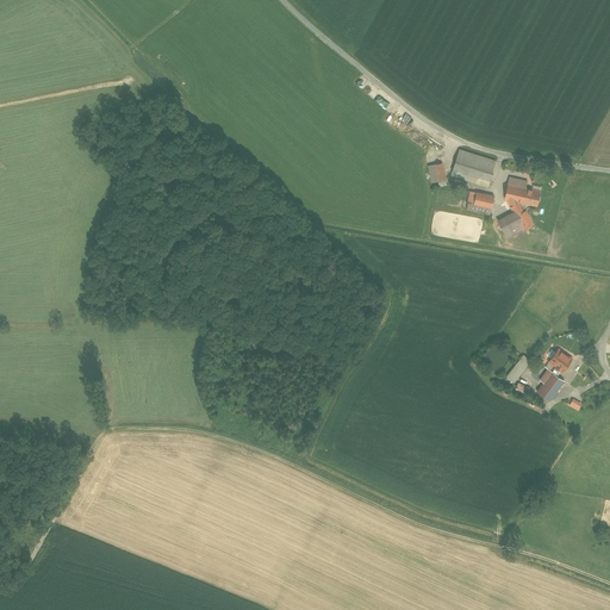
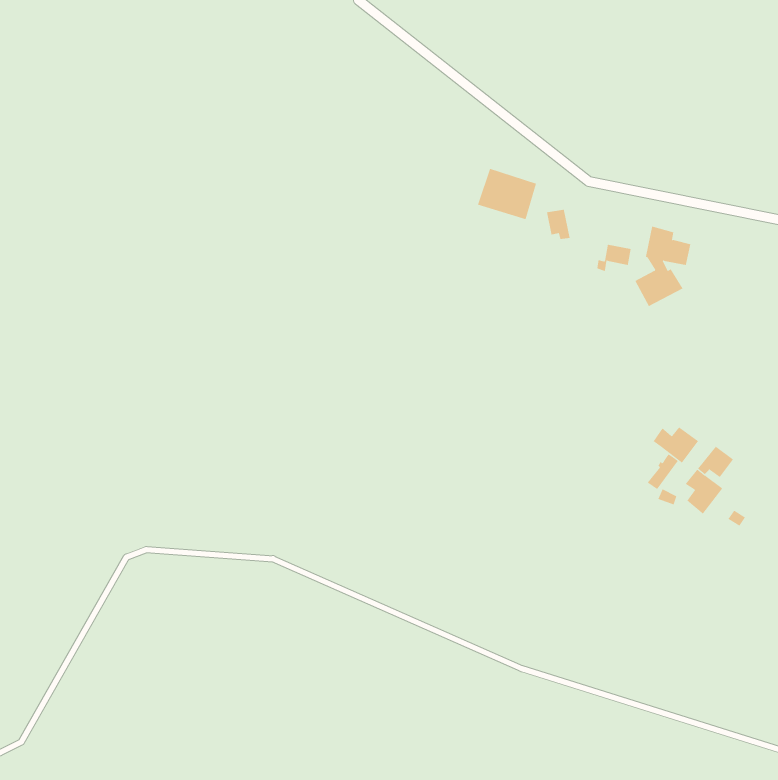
building: [450,148,497,188] -> [477,168,537,220]
building: none -> [653,427,699,463]

